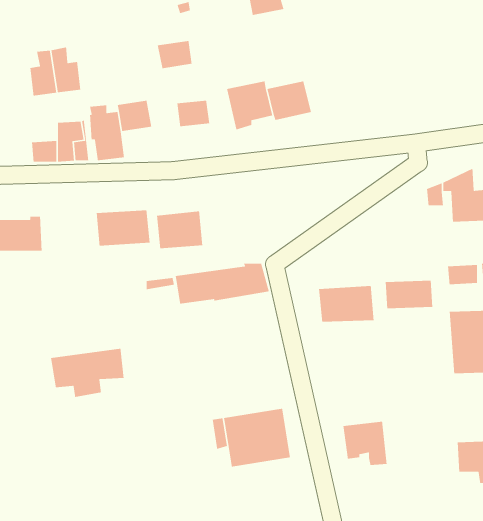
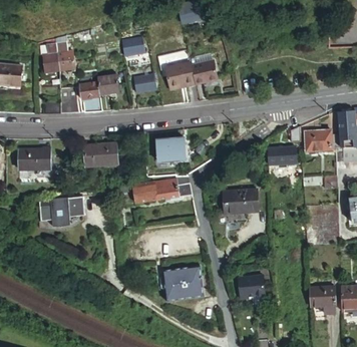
building: [156,210,203,249] -> [157,136,187,160]
building: [385,280,433,309] -> [267,146,297,164]
building: [50,348,124,398] -> [39,195,85,226]

